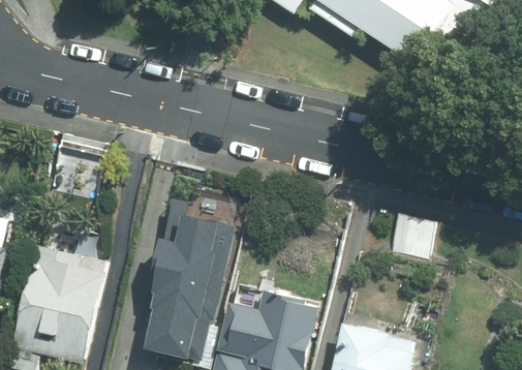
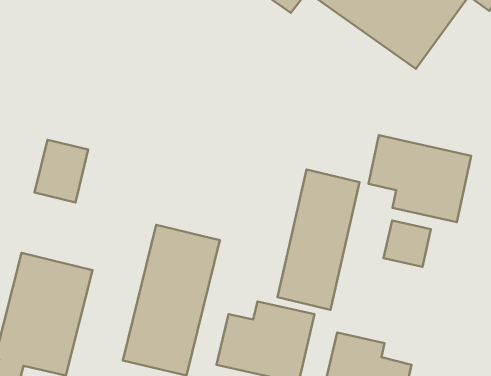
building: none -> [368,135,471,222]
building: none -> [278,170,360,310]

